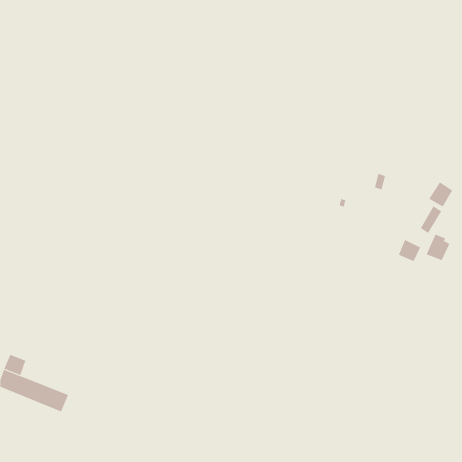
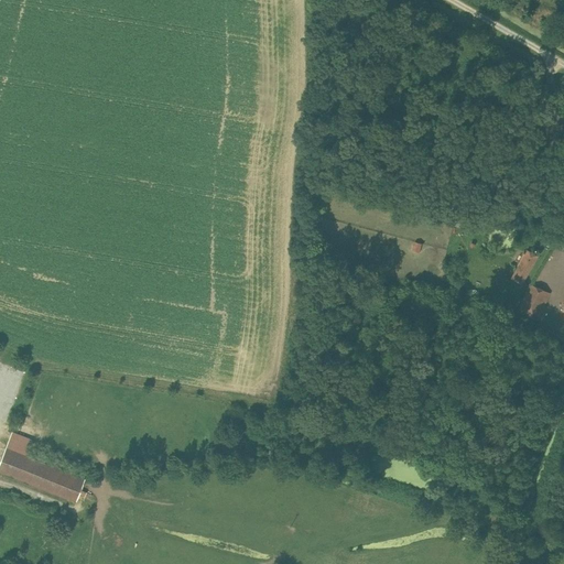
building: [428,182,453,208] -> none
building: [398,239,421,262] -> none

